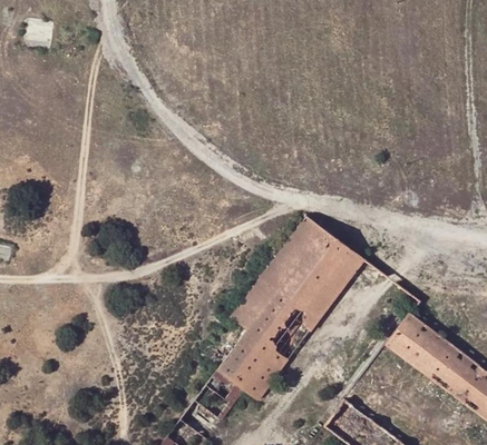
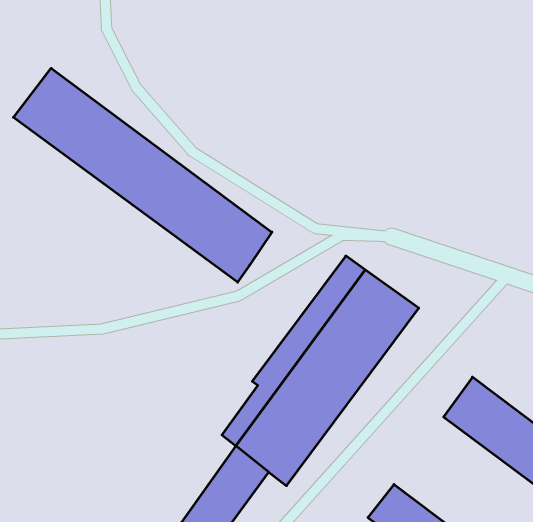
building: none -> [13,68,272,282]

